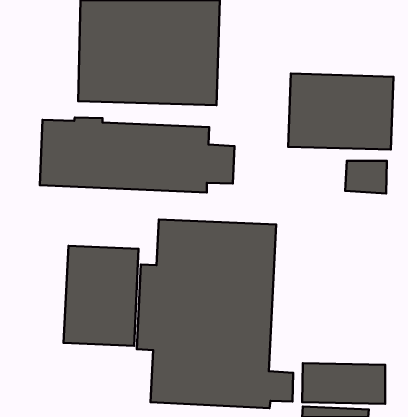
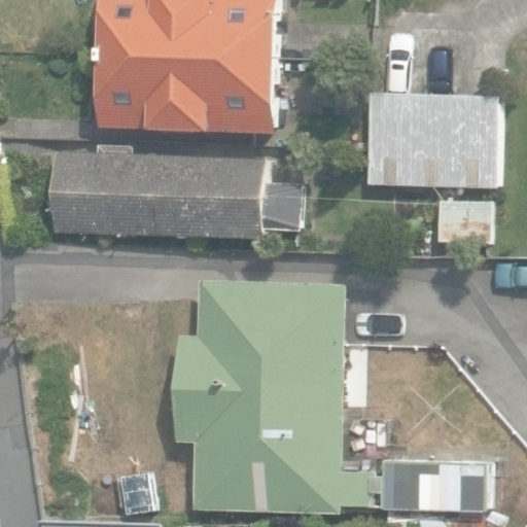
building: [63,246,138,346] -> none

